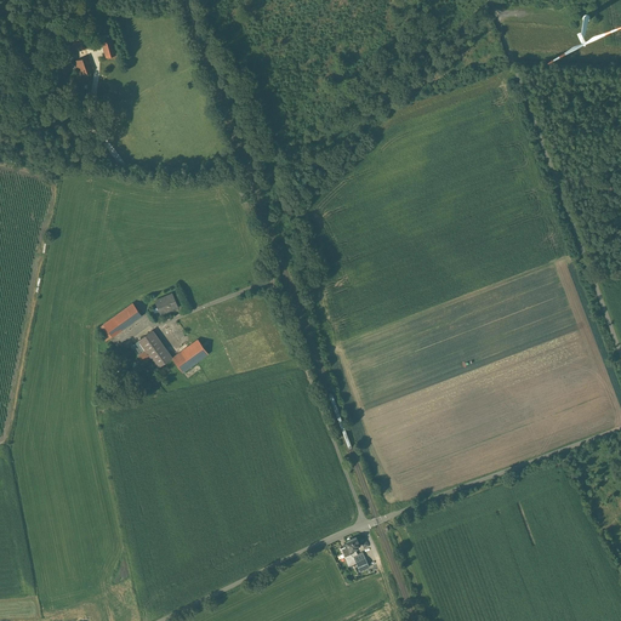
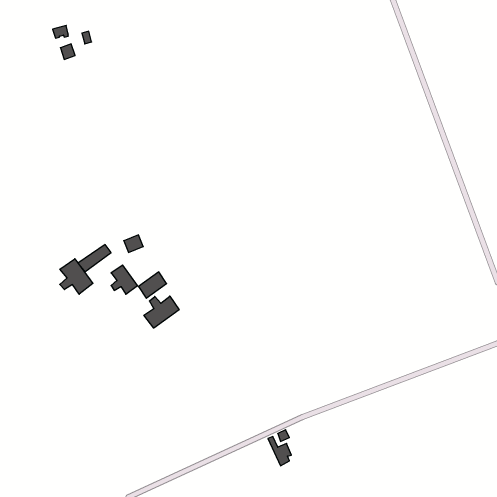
building: none -> [60,259,93,294]
building: none -> [144,296,179,328]

